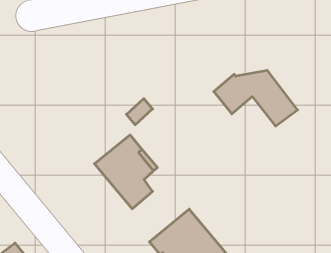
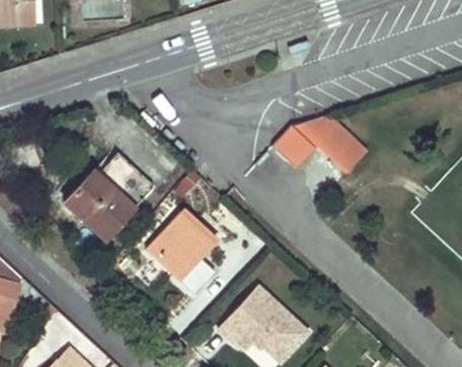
building: none -> [65,155,151,237]

